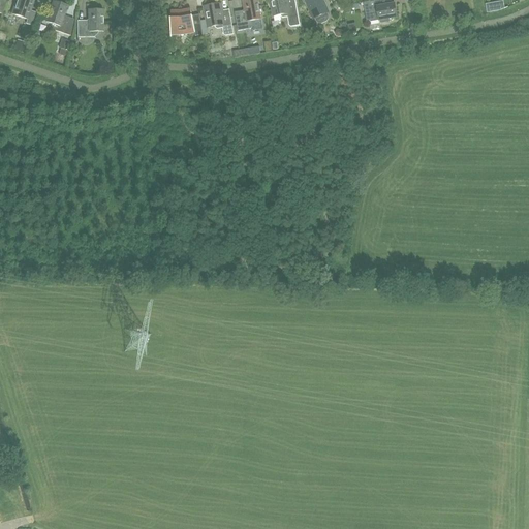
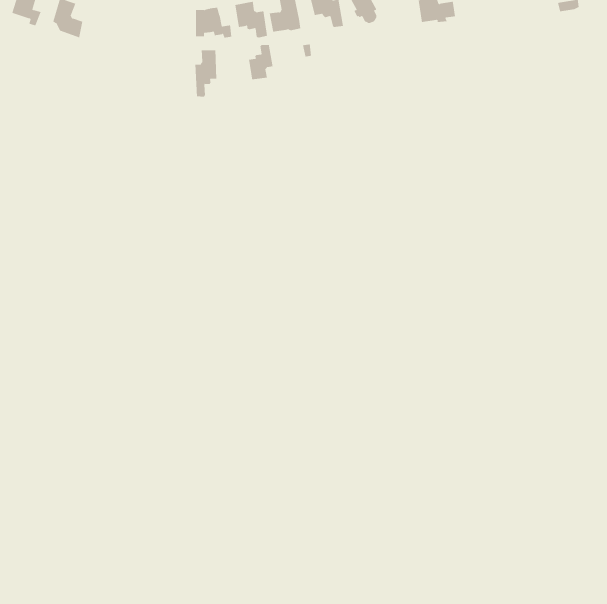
building: [75,6,102,35] -> none
building: none -> [248,44,273,80]
building: none -> [195,49,217,98]

